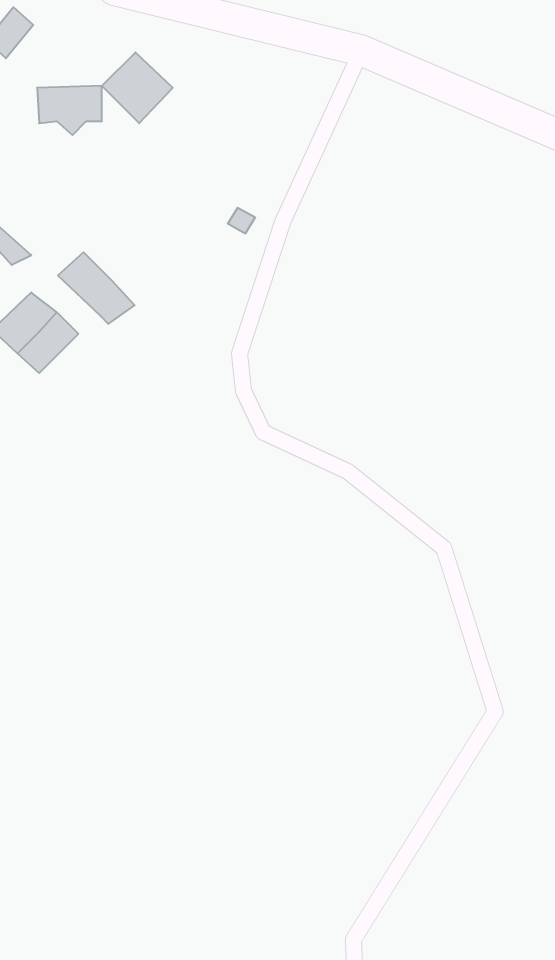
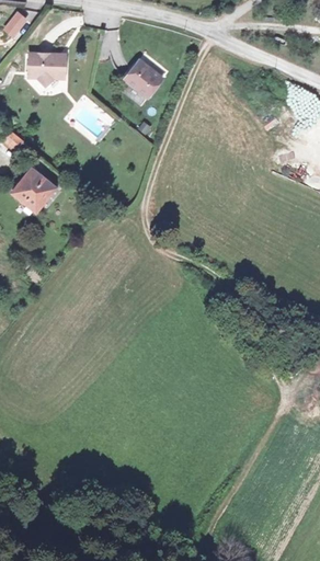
building: [102,52,173,123] -> [129,53,169,92]
building: [58,252,135,324] -> none

